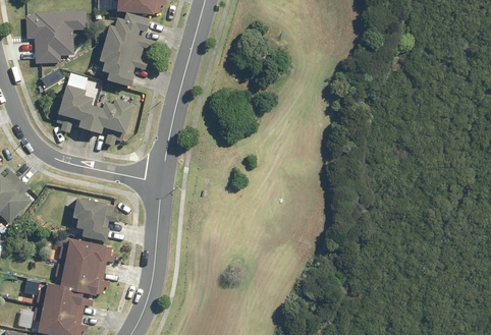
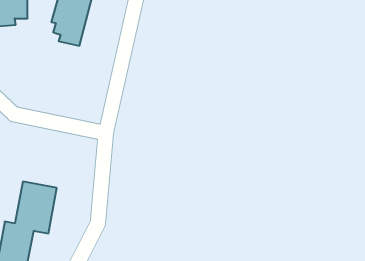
building: [58,83,134,139] -> none
building: [73,197,109,241] -> none

